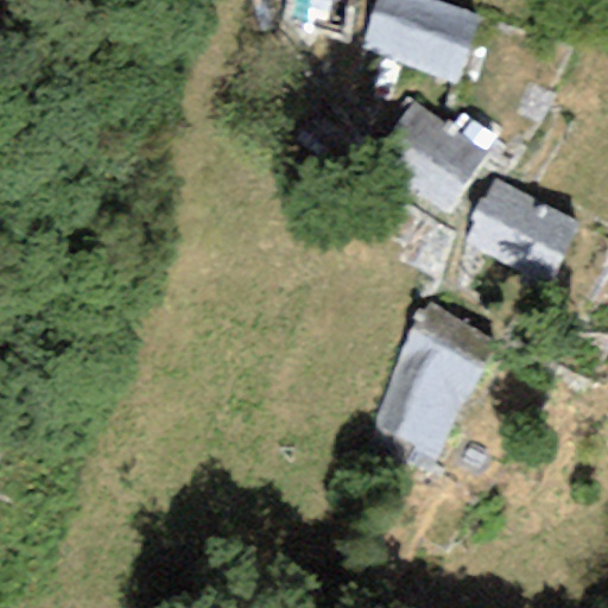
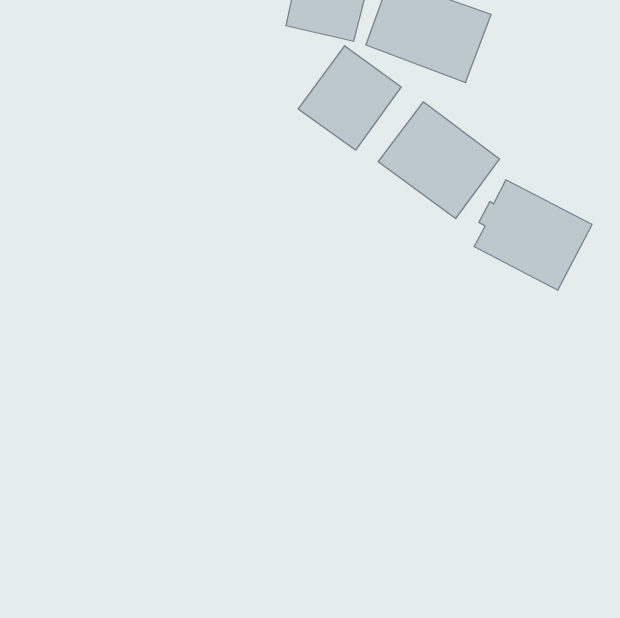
building: none -> [298,46,401,150]
building: [373,302,498,456] -> none

